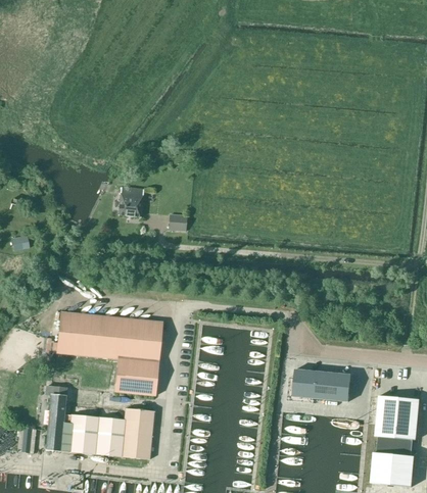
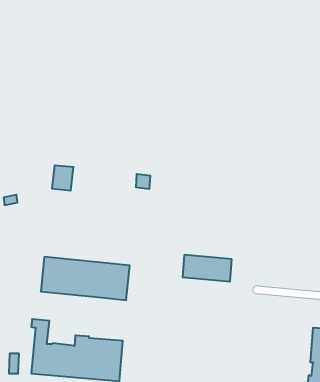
building: [117,187,143,216] -> [52,165,74,190]
building: [113,358,158,395] -> none
building: [292,368,350,400] -> [183,255,232,282]

